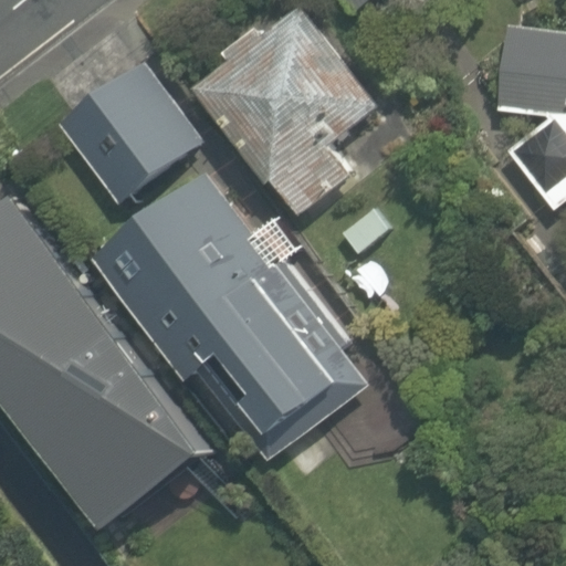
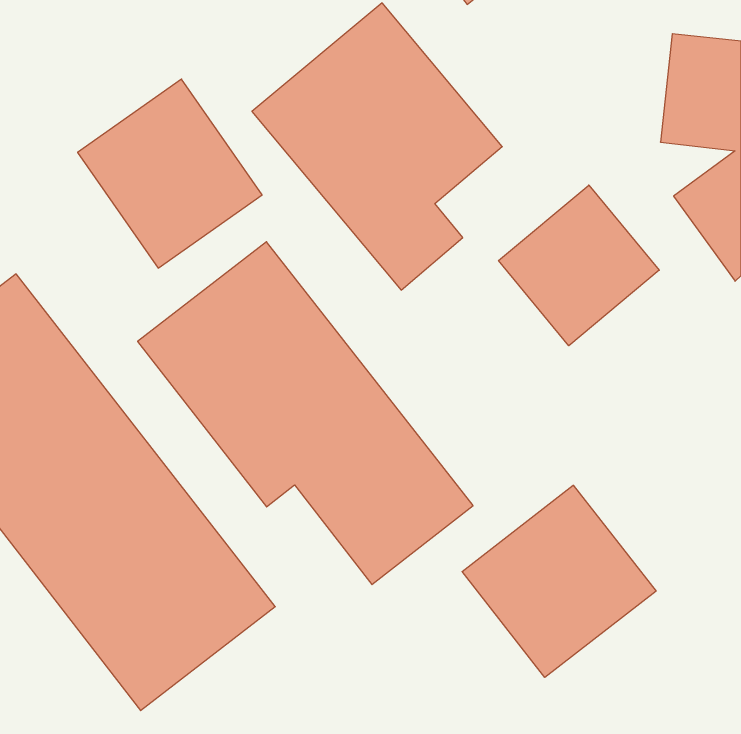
building: none -> [499,185,659,346]
building: none -> [462,485,656,677]

